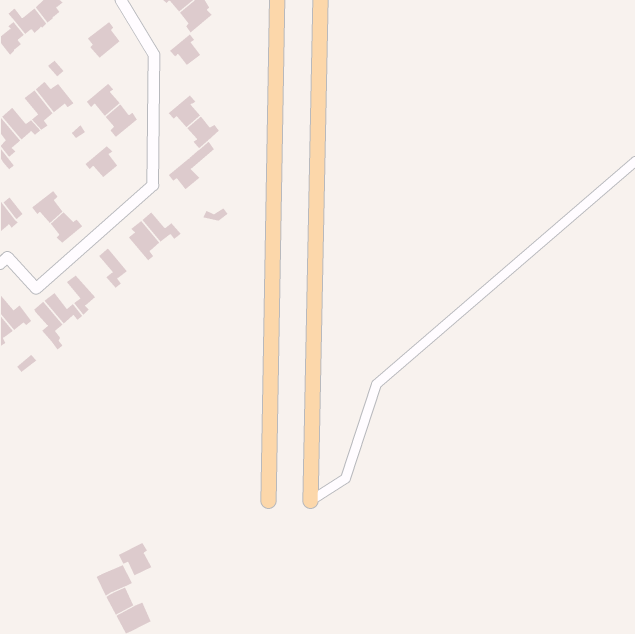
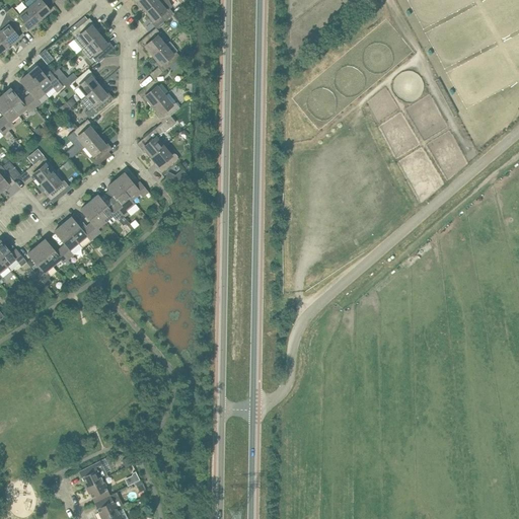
building: none -> [81,33,114,62]
building: none -> [152,45,180,71]
building: none -> [84,135,112,165]
building: none -> [151,145,178,172]
building: none -> [88,194,121,221]
building: none -> [62,216,94,242]
building: [118,542,152,576] -> none

